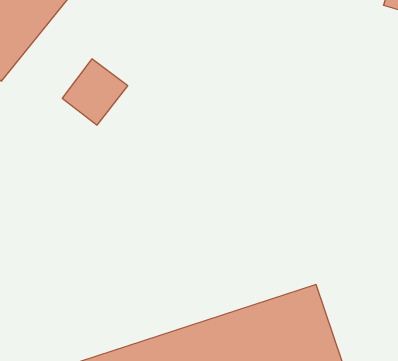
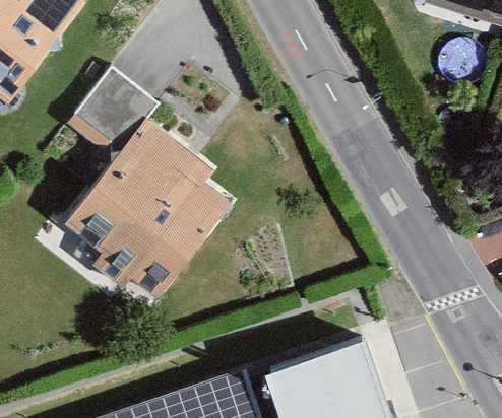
building: none -> [75,136,224,294]

